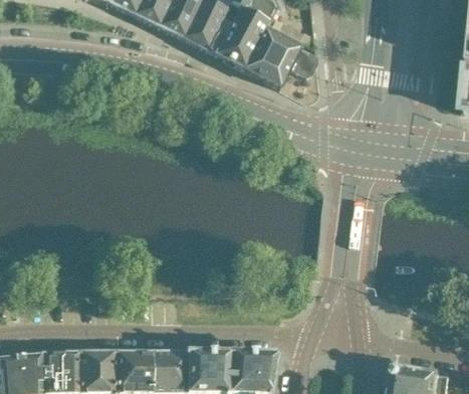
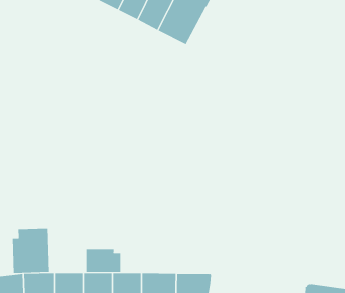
building: [240,19,314,86] -> none
building: none -> [12,228,49,274]
building: none -> [86,249,121,273]

